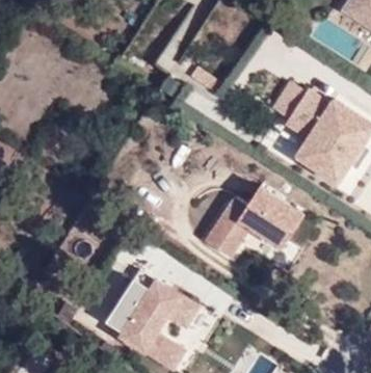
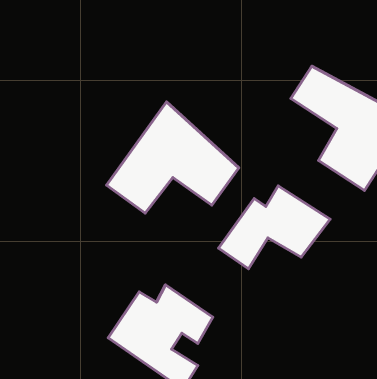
building: none -> [106,102,239,213]

